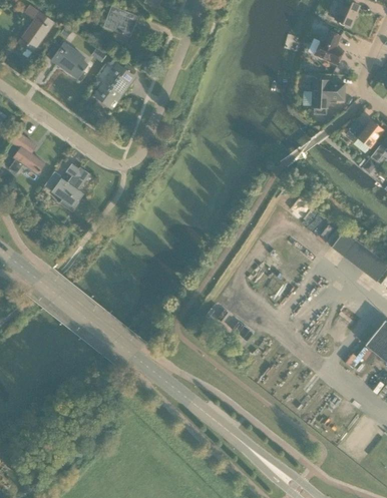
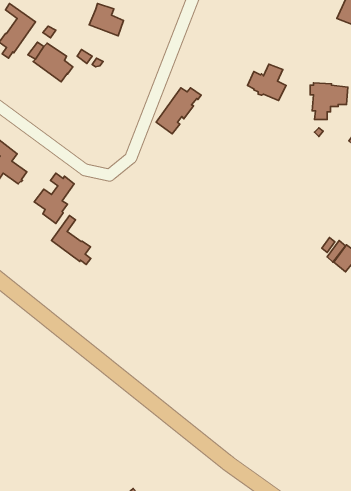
building: [308,31,344,65] -> [247,64,286,101]
building: [94,64,136,107] -> [156,88,201,134]
building: none -> [52,216,91,264]

